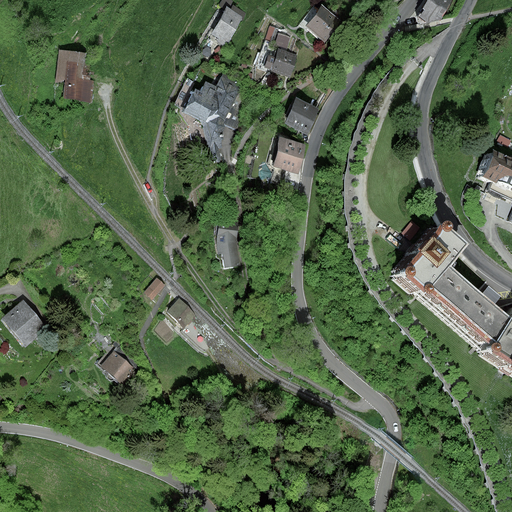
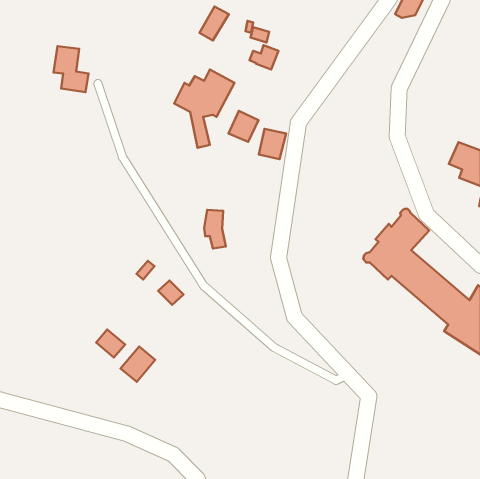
building: [309,6,340,37] -> none
building: [287,97,319,130] -> [228,111,259,142]
building: [5,300,46,342] -> none
building: none -> [121,346,155,382]

